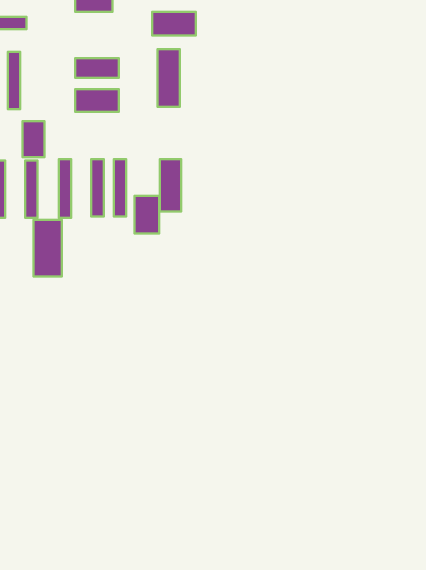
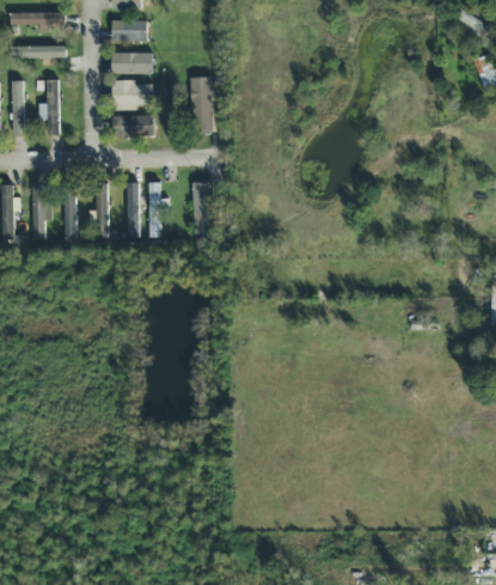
building: [152,12,196,35] -> [112,51,154,74]
building: [22,121,44,157] -> none
building: [135,196,159,233] -> none
building: [33,220,62,277] -> none

